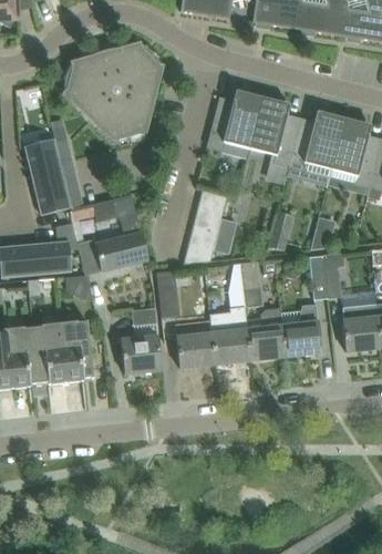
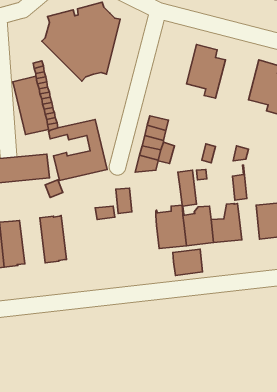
building: [207,90,264,151] -> none
building: [288,111,344,186] -> none
building: [324,252,345,298] -> none
building: [33,324,66,383] -> none
building: [176,334,215,368] -> [173,249,203,275]
building: [121,336,162,373] -> none

